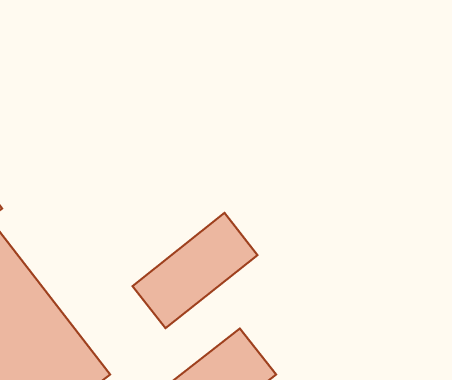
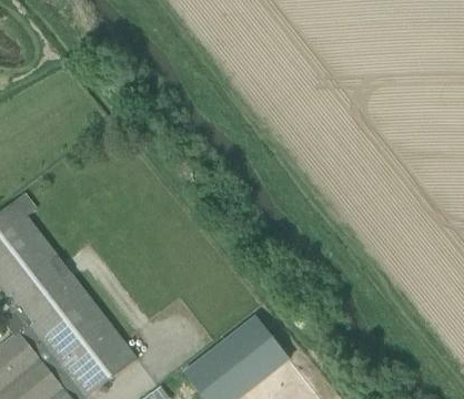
building: [132,213,258,328] -> none

